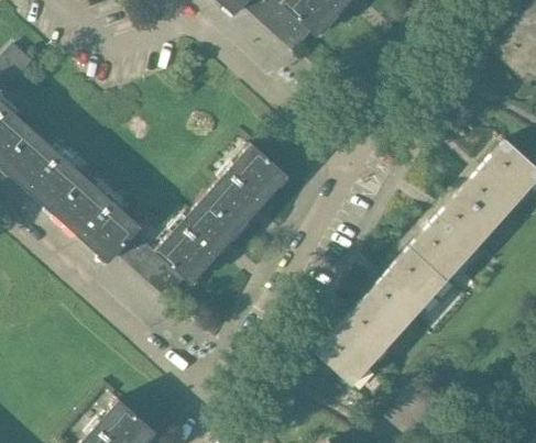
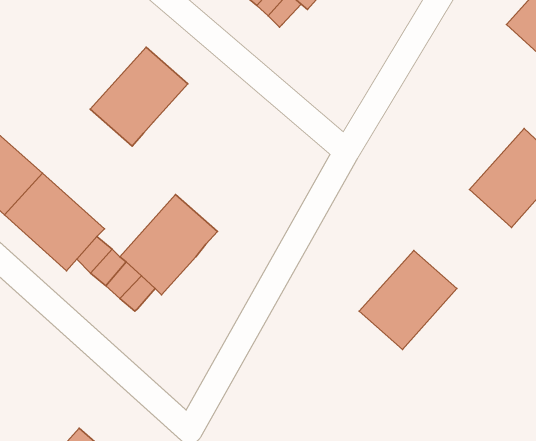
building: [204,143,288,229] -> [90,47,188,146]
building: [411,192,495,278] -> none
building: [316,298,401,384] -> none

